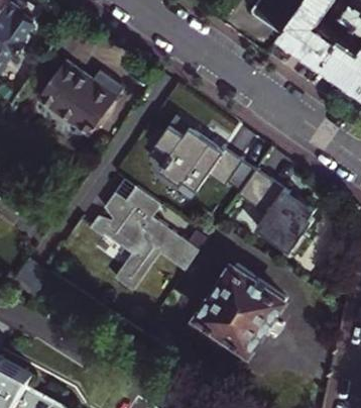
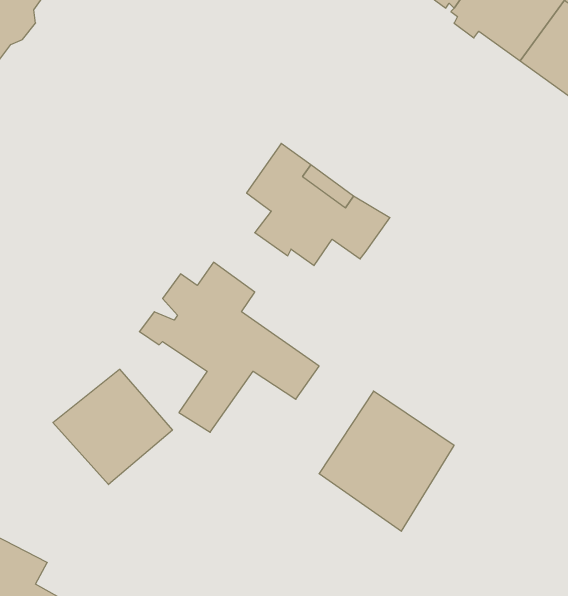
building: [38,63,124,138] -> none
building: [238,170,315,258] -> none
building: none -> [53,369,172,485]

